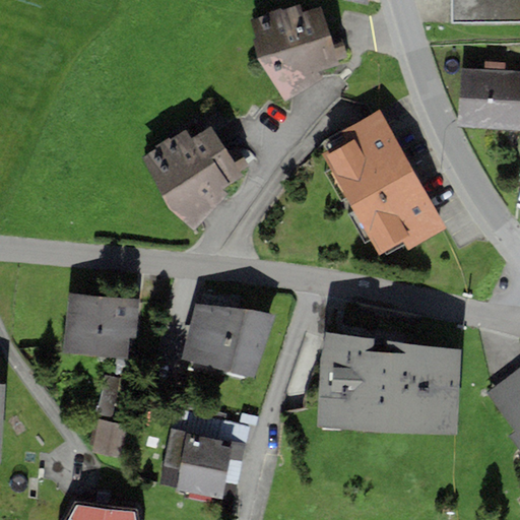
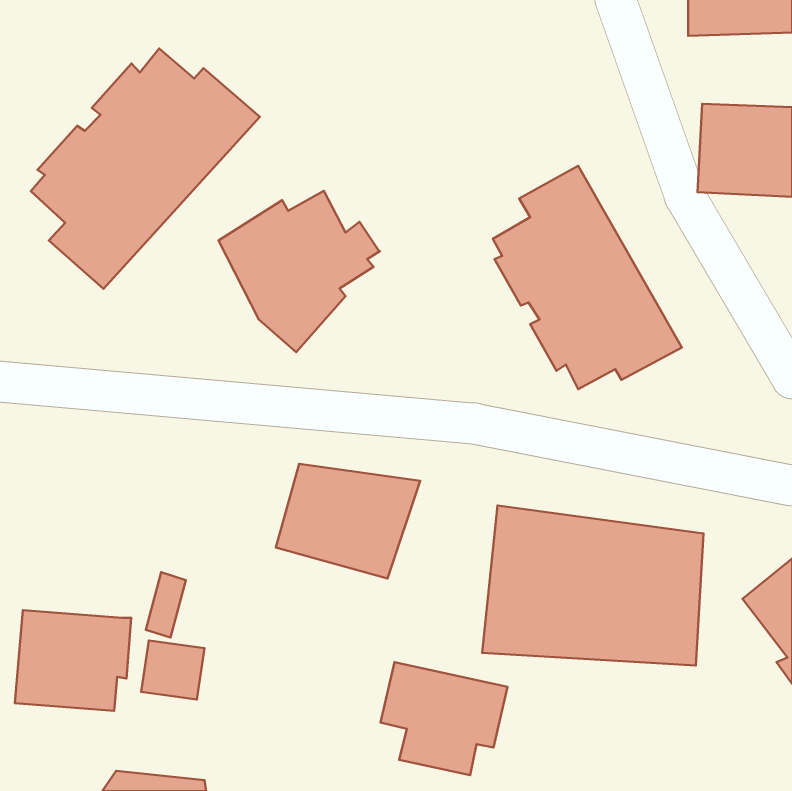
building: [252,4,346,101] -> none
building: none -> [31,49,260,289]
building: [63,292,139,359] -> [15,610,131,711]
building: [162,428,246,502] -> [380,662,508,775]

